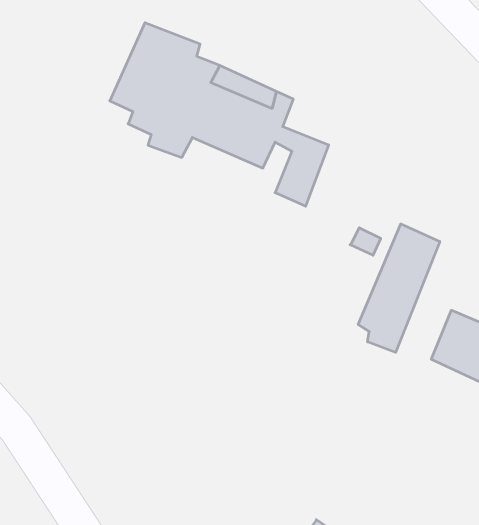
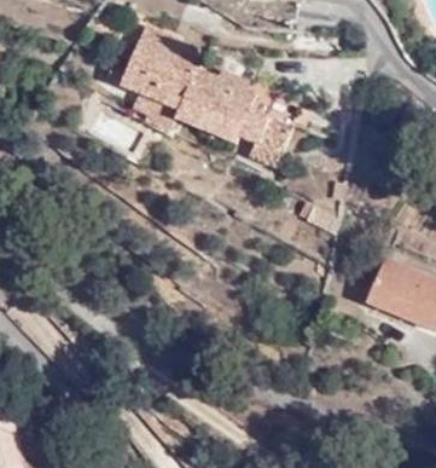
building: [358,224,440,352] -> none

